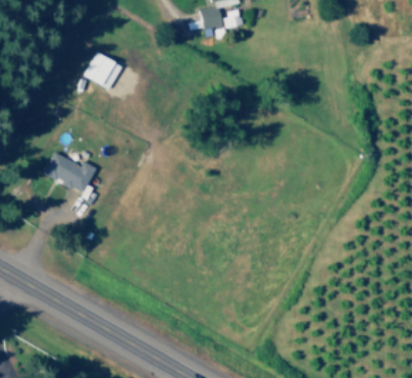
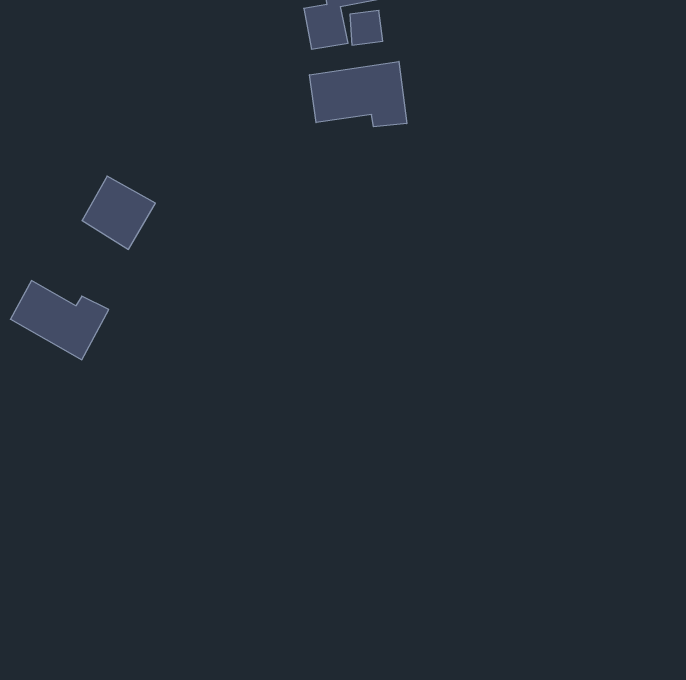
building: none -> [310,61,407,127]
building: [83,51,121,90] -> [82,176,155,249]

